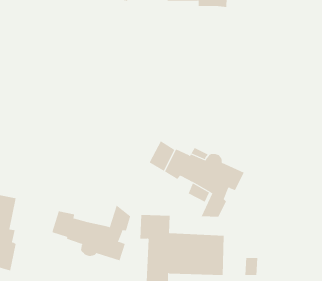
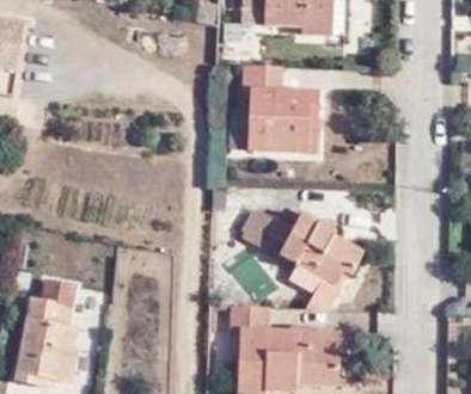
building: none -> [230,64,322,149]
building: [52,205,131,261] -> none

